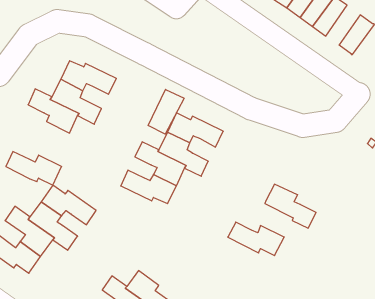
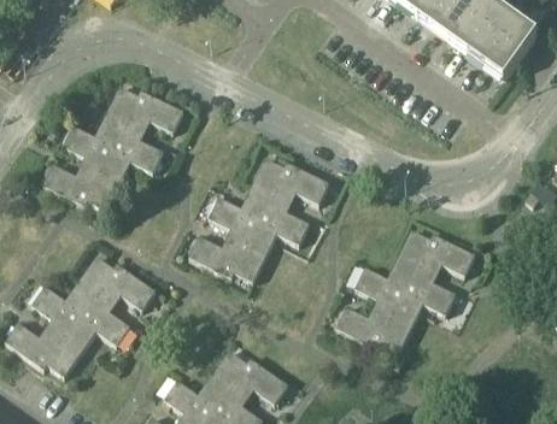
building: none -> [469,10,516,64]
building: [148,89,184,134] -> none
building: [6,152,62,185] -> [43,164,119,210]
building: none -> [399,229,475,275]
building: none -> [354,266,424,326]
building: none -> [213,349,288,404]

